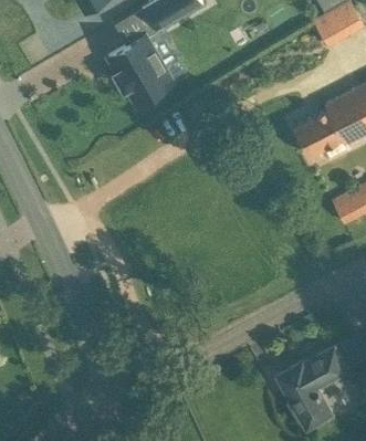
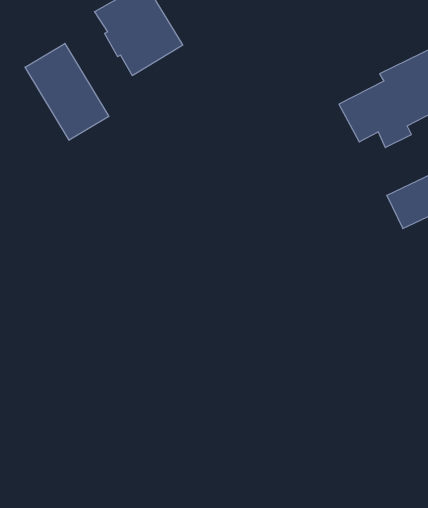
building: none -> [25,43,109,140]
building: [276,345,348,429] -> none

